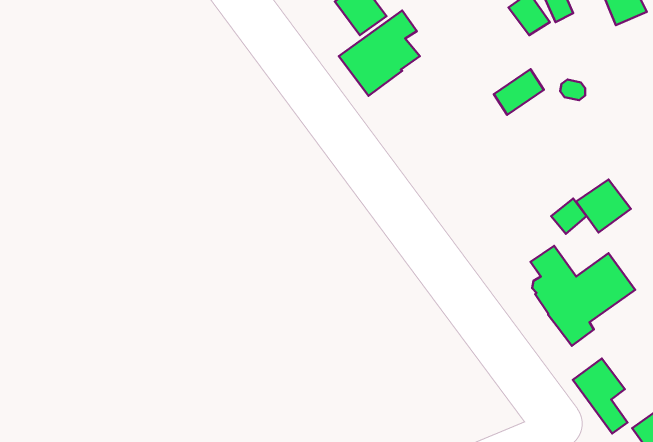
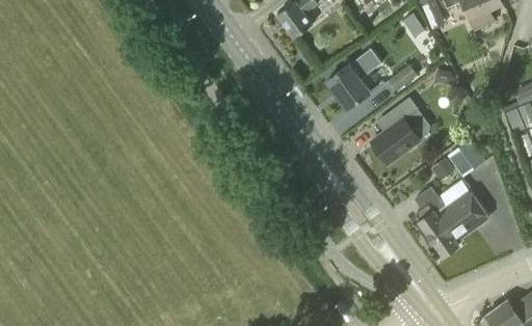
building: [339,11,420,96] -> [326,49,383,109]
building: none -> [372,97,421,163]
building: [573,359,627,433] -> none

